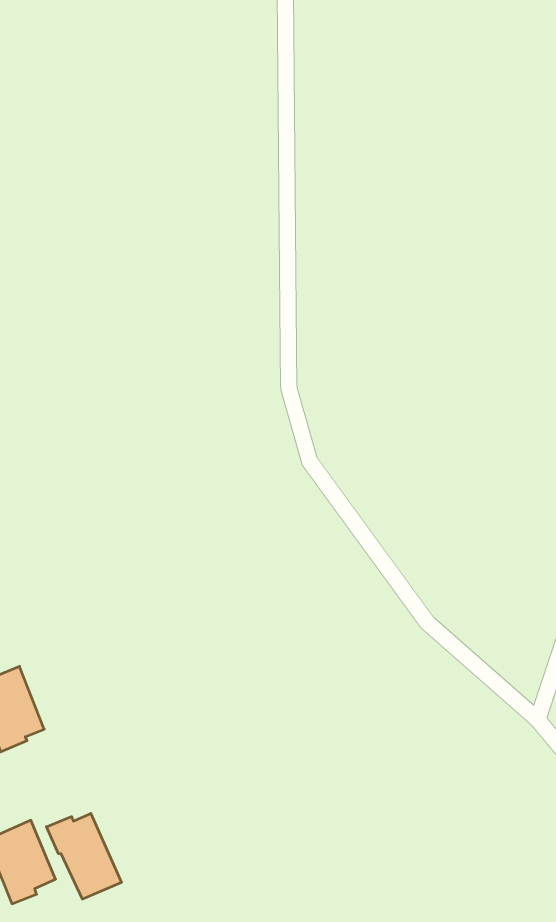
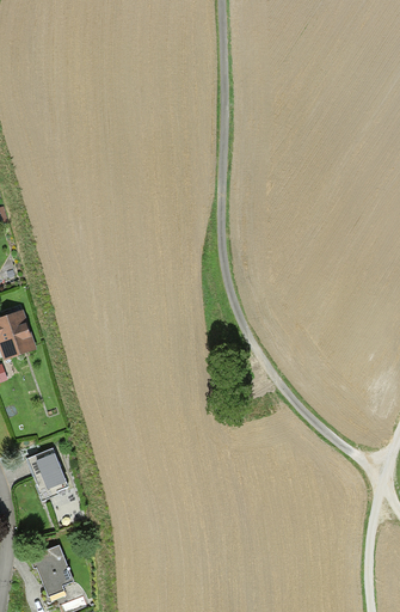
building: [46,813,121,899] -> none

